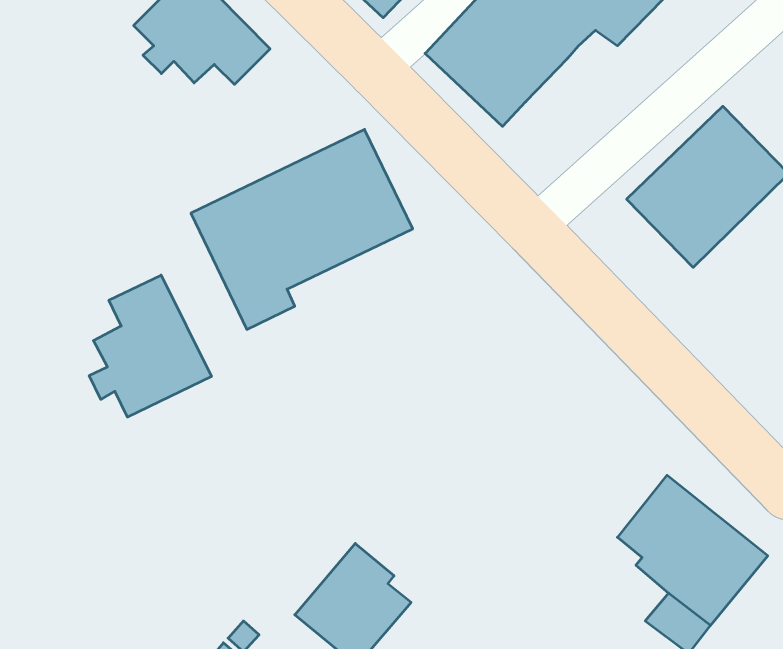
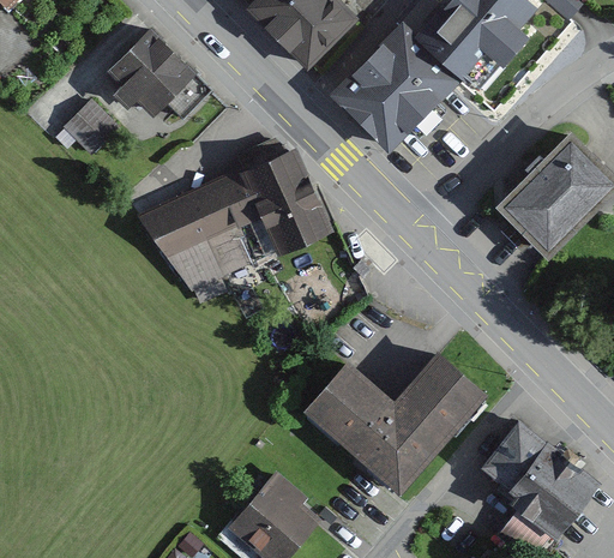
building: none -> [66,98,121,154]
building: [89,275,211,417] -> none
building: none -> [309,359,484,493]

